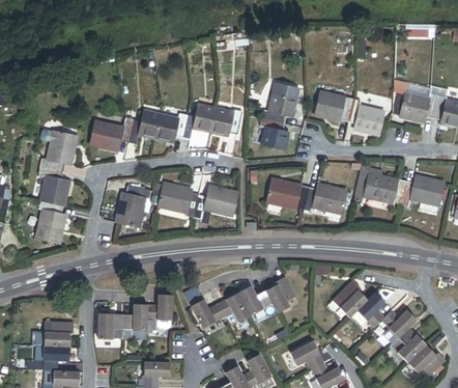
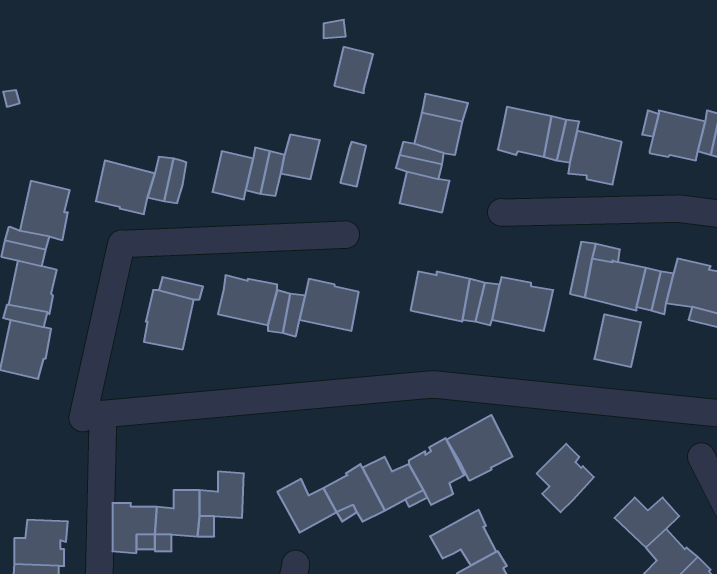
building: [209,109,231,135] -> [334,47,373,93]
building: [138,111,160,138] -> none
building: none -> [594,314,641,367]
building: none -> [446,415,513,481]
building: [356,292,384,328] -> none
building: none -> [430,510,496,565]

